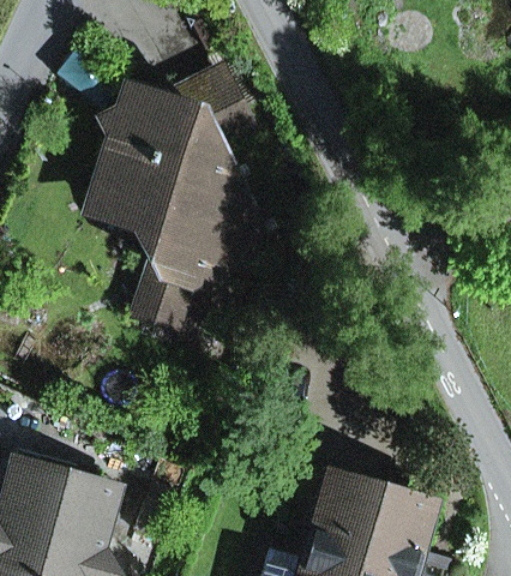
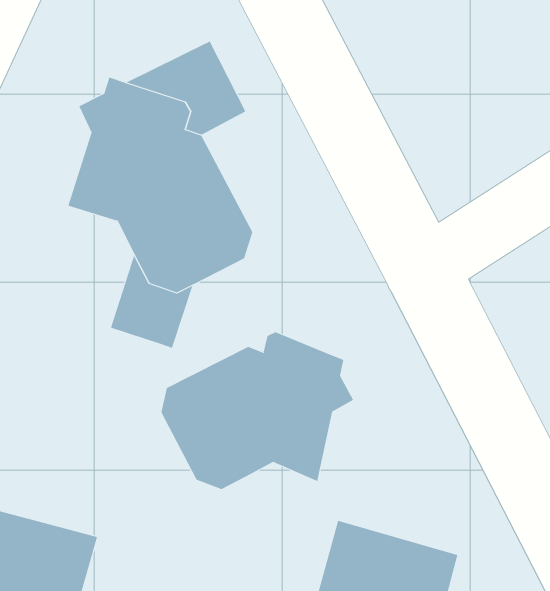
building: none -> [161,332,354,490]

